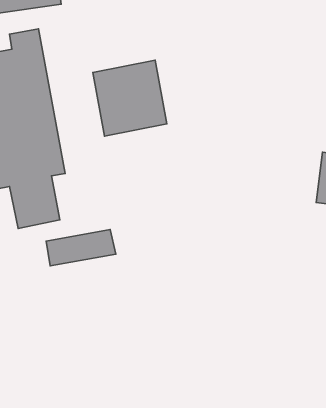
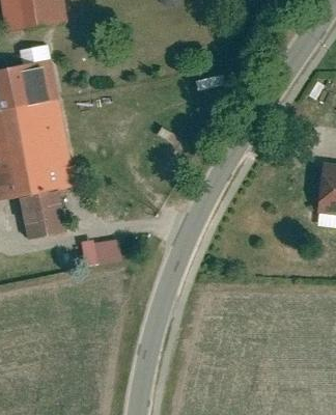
building: [93,60,167,136] -> none

